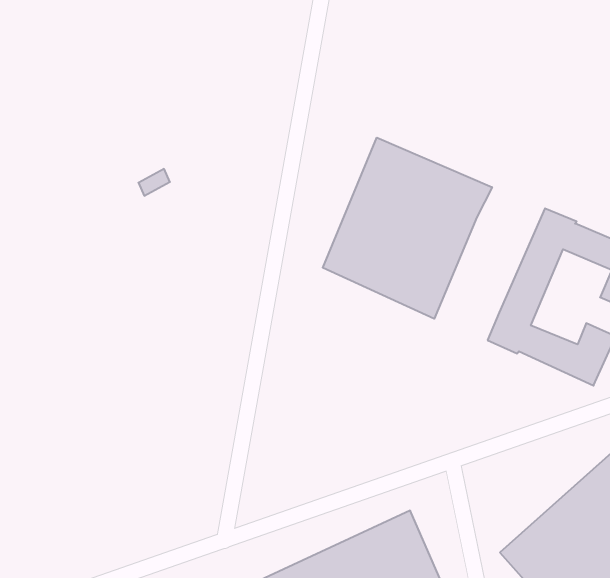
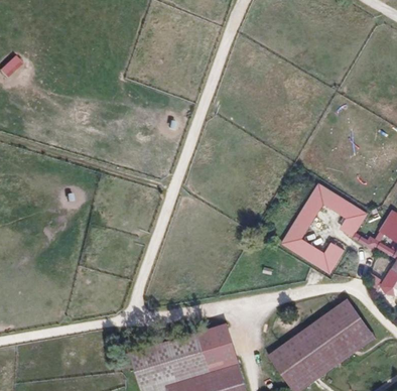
building: [323,138,492,319] -> none

